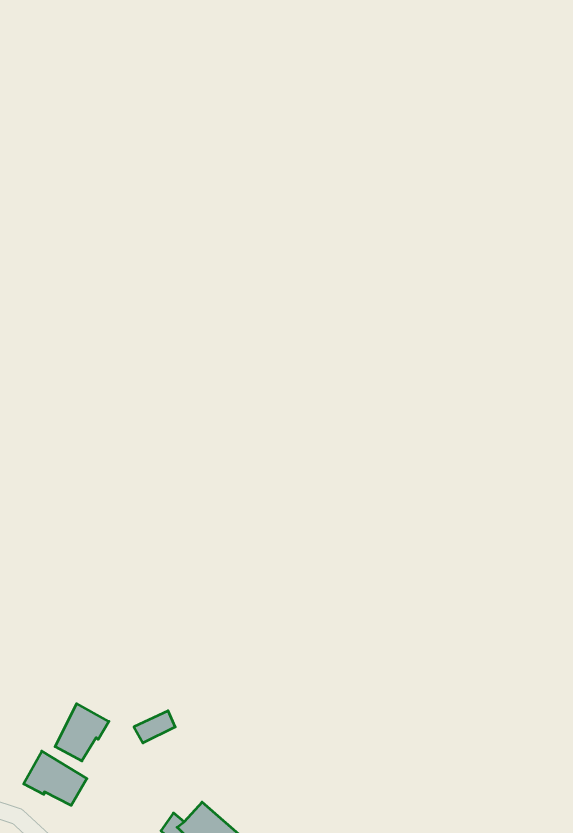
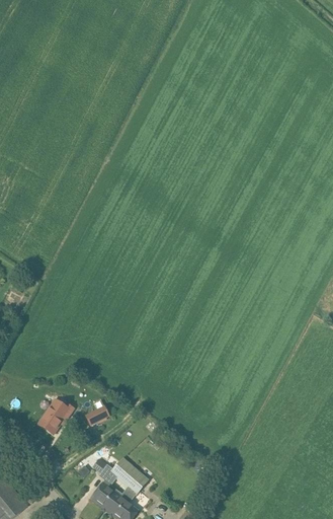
building: [24,751,87,805] -> none

